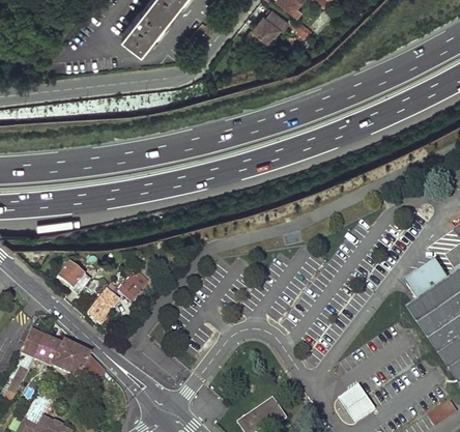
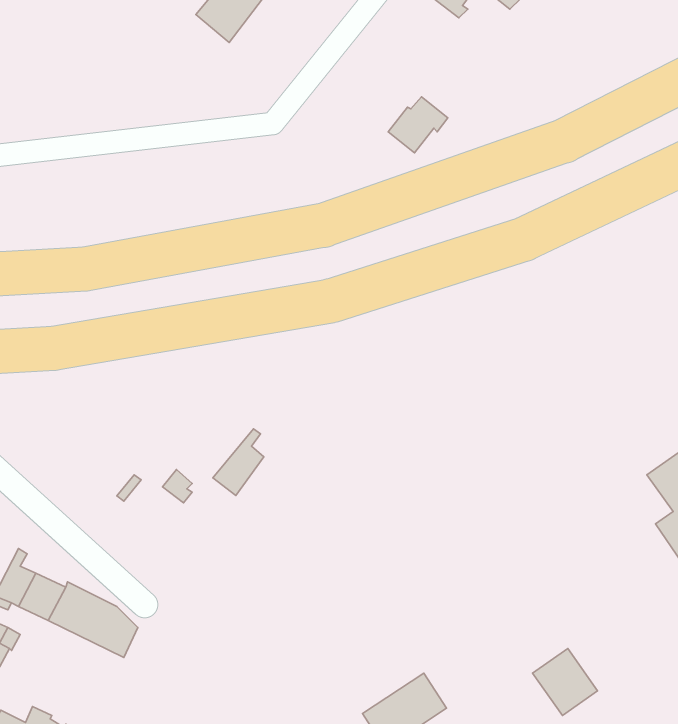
building: [253,8,288,41] -> [388,97,448,153]
building: [122,10,160,49] -> none
building: [58,263,90,295] -> none
building: [88,283,118,322] -> [213,429,264,495]

